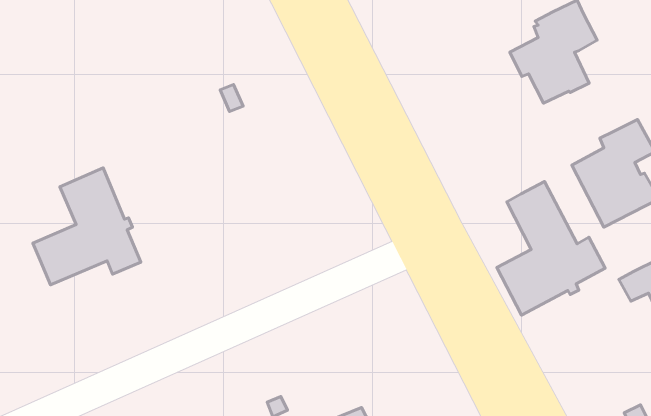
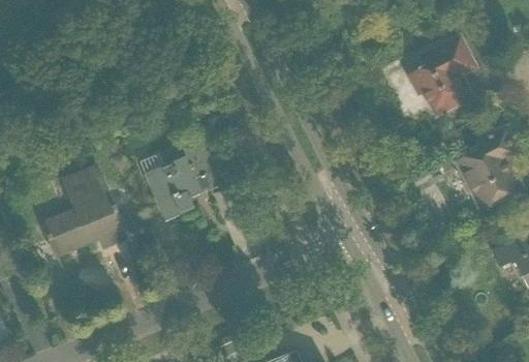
building: none -> [144,132,227,219]
building: [497,182,605,315] -> none

